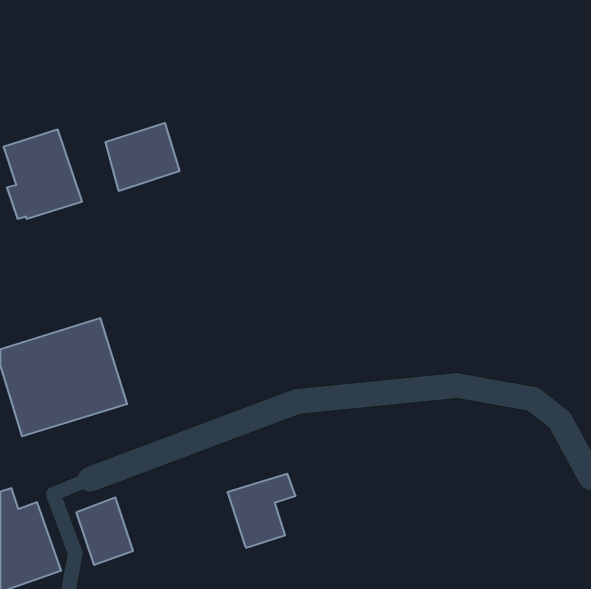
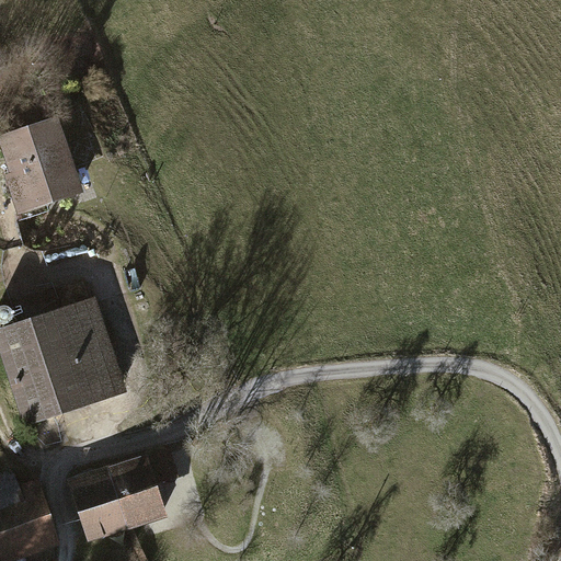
building: [105,123,179,191] -> none
building: [227,474,296,548] -> [110,456,174,526]

